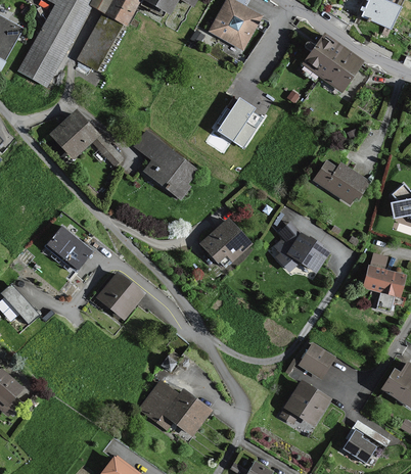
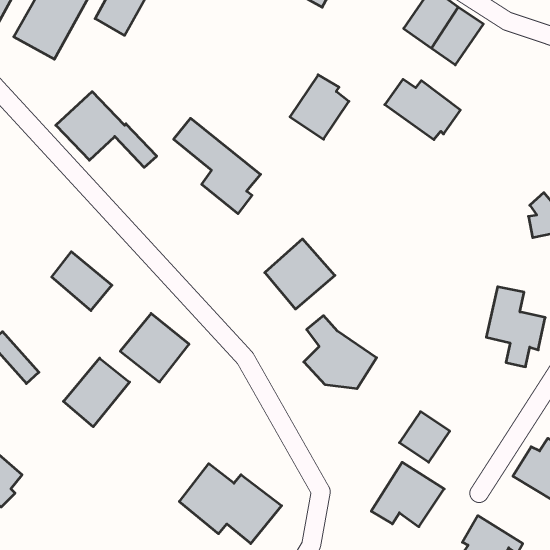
building: [313,160,368,204] -> [385,79,460,140]
building: [276,221,329,274] -> [304,316,377,389]
building: none -> [63,358,130,427]

